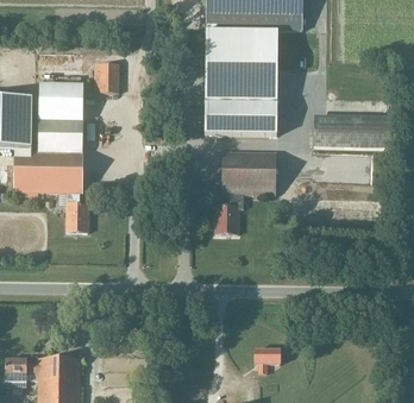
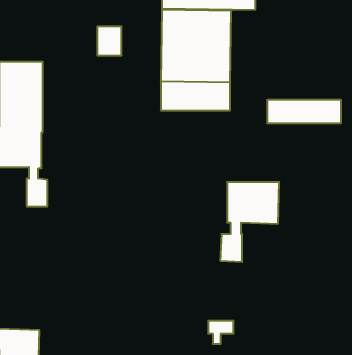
building: [94,62,119,92] -> [97,27,122,56]
building: [215,151,276,233] -> [220,182,279,262]

